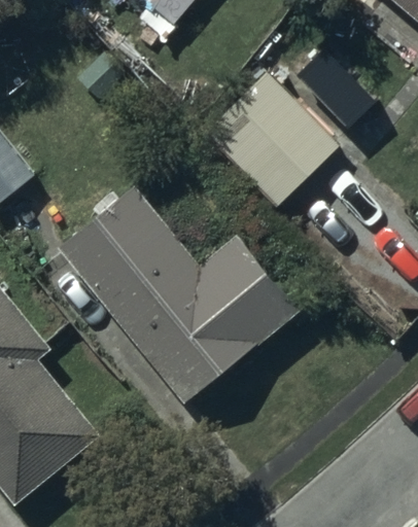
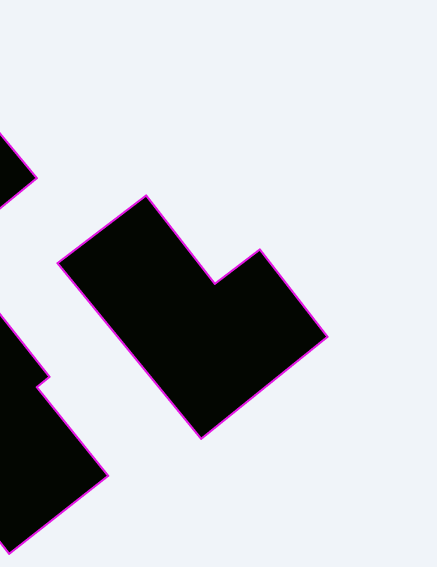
building: [201,66,343,209] -> none

